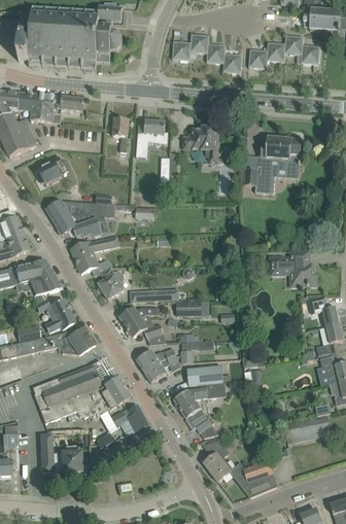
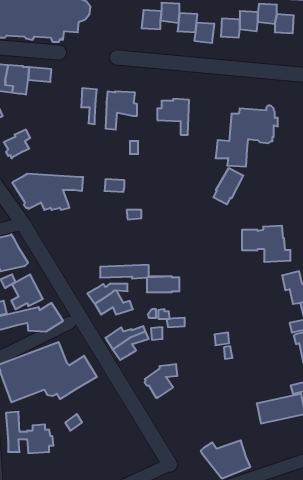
building: none -> [213,168,243,204]
building: [70,239,108,273] -> none
building: [97,268,124,300] -> none
building: [186,365,222,385] -> none
building: [110,404,147,431] -> none
building: [186,409,217,438] -> none
building: [203,440,232,482] -> none

